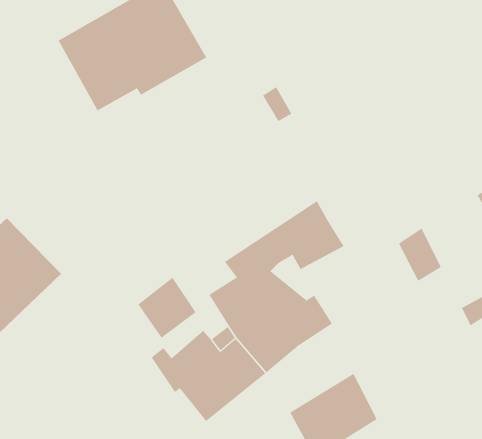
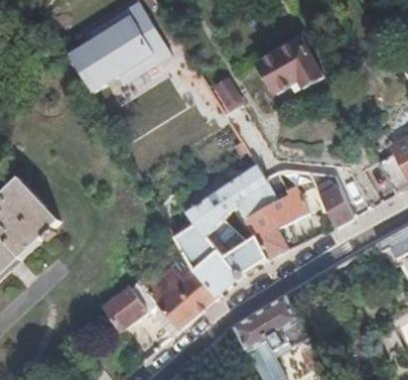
building: none -> [257,36,323,93]
building: none -> [244,184,308,258]
building: [137,277,196,338] -> [102,284,147,332]

